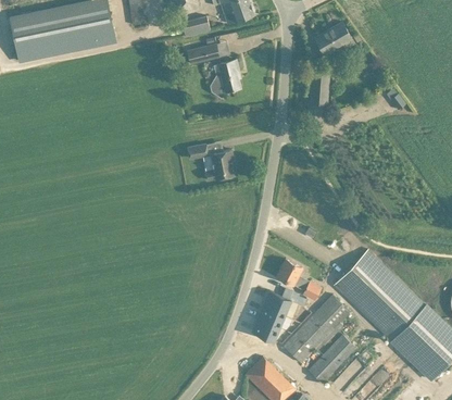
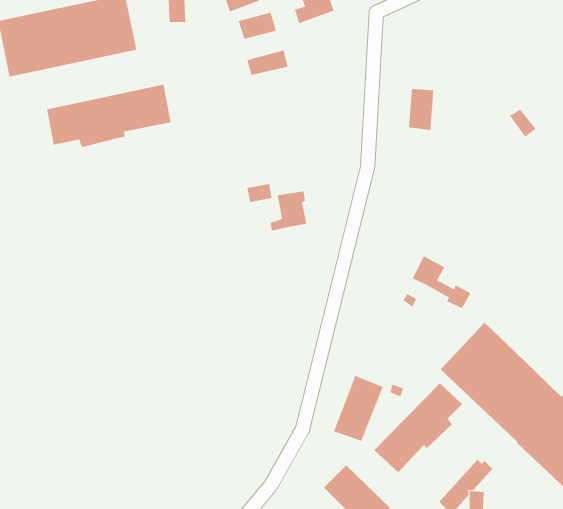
building: [315,22,355,53] -> none
building: [211,59,240,98] -> none
building: none -> [47,84,171,148]
building: [277,259,322,299] -> [412,256,471,309]
building: [309,335,356,383] -> none

